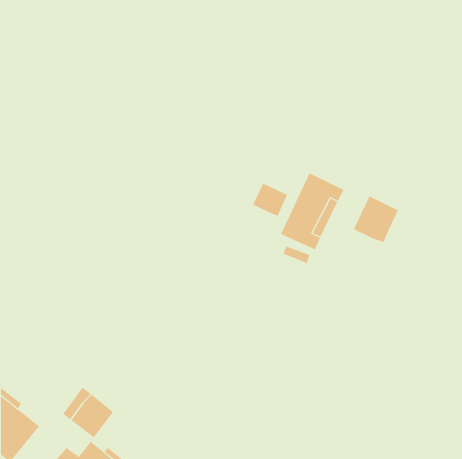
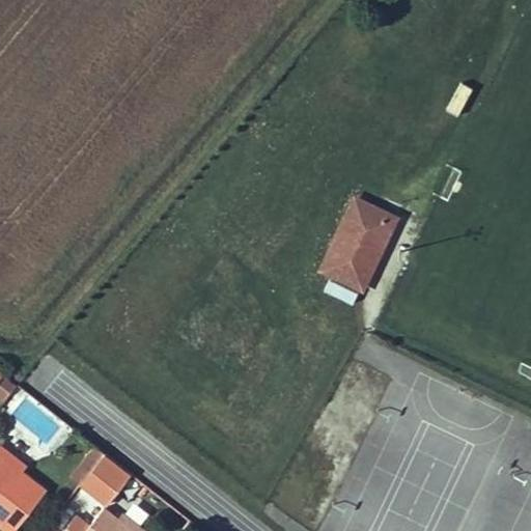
building: [253,183,288,216] -> none
building: [353,196,399,243] -> none

